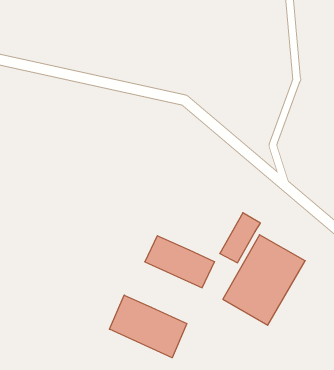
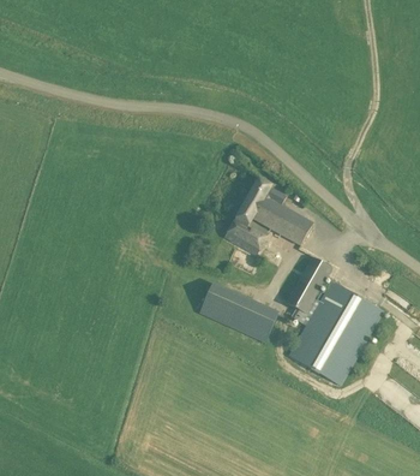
building: none -> [224,178,313,252]
building: [109,295,187,358] -> none

